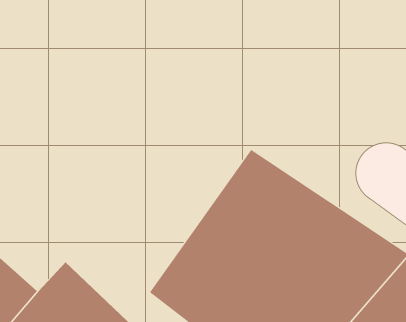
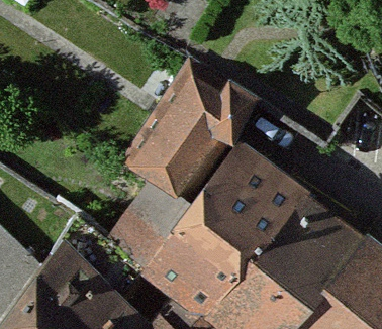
building: none -> [127,68,250,191]

